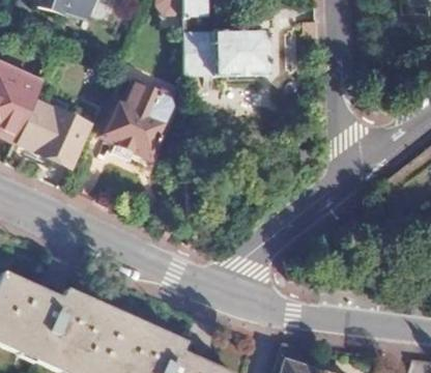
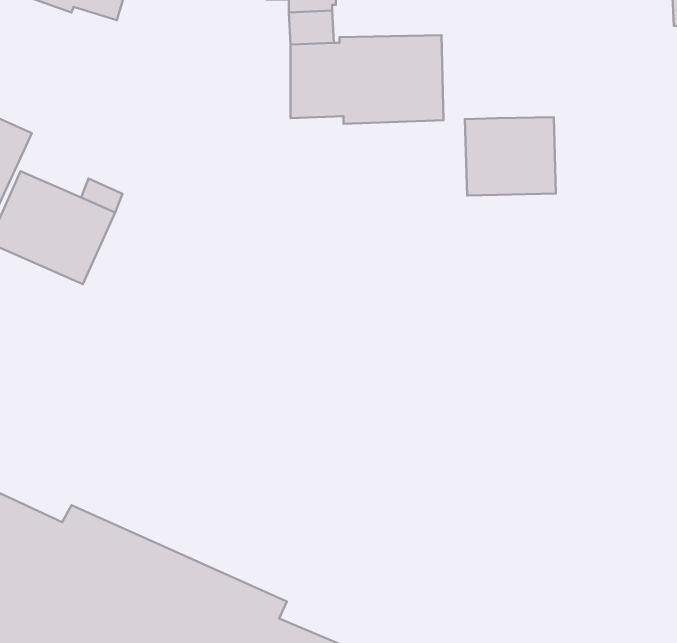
building: none -> [465,117,556,196]
building: [102,82,174,156] -> none

